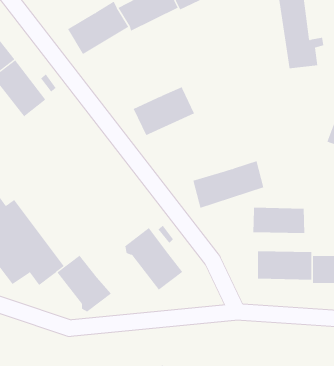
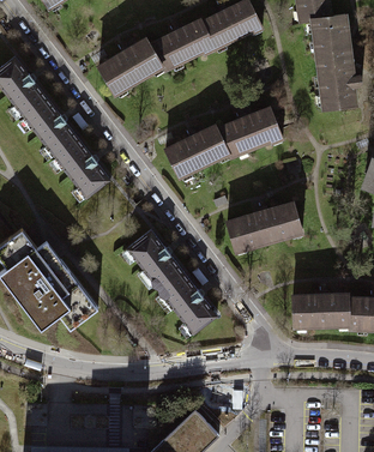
building: none -> [217,108,280,157]
building: none -> [54,140,109,199]
building: [253,207,305,234] -> none
building: [57,255,112,312] -> [126,231,182,290]

